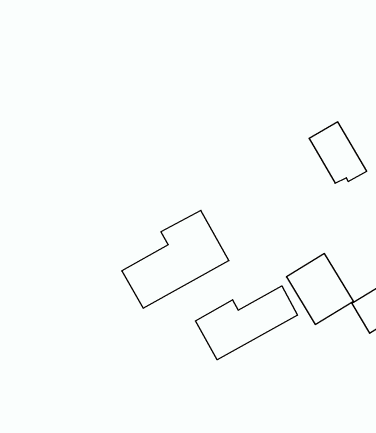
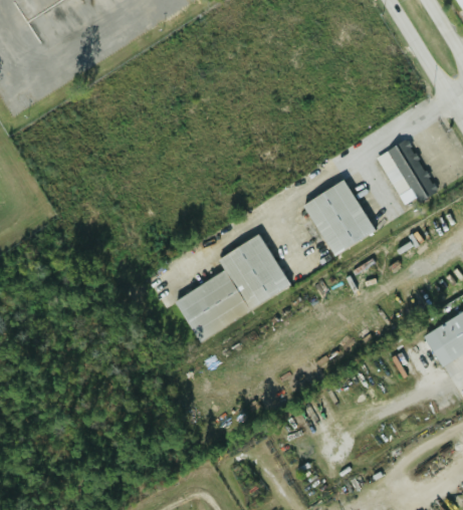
building: [286,254,353,324] -> [302,179,375,255]
building: [195,286,297,360] -> none

